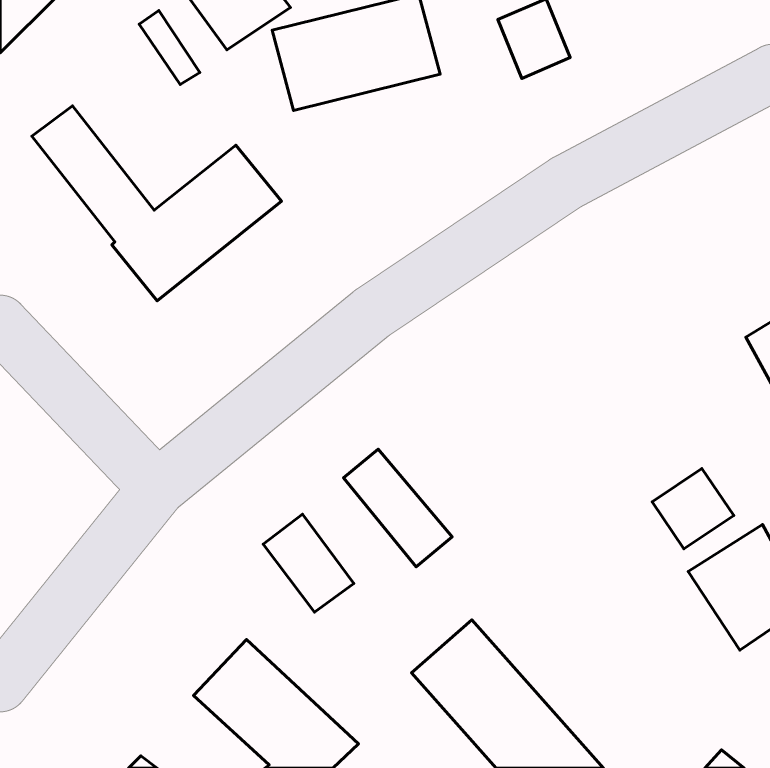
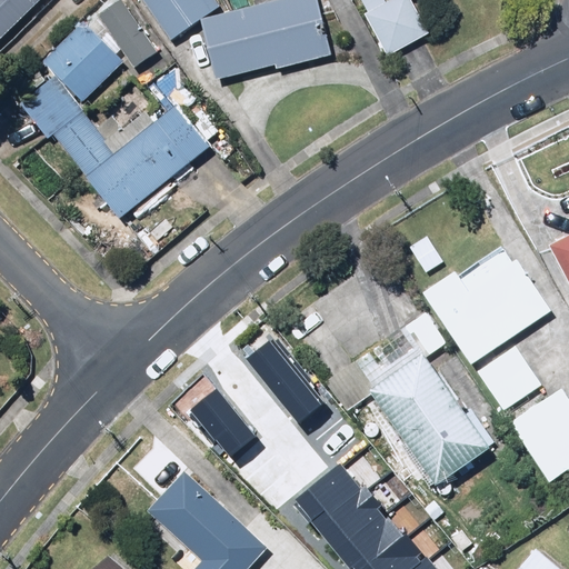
building: none -> [43,23,123,101]
building: none -> [421,261,549,360]
building: none -> [368,356,483,482]

